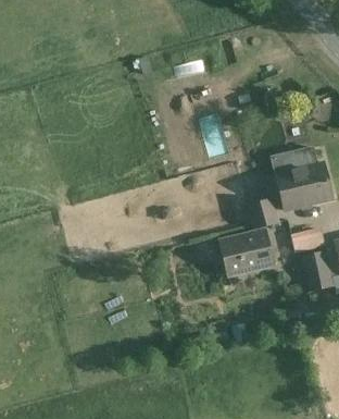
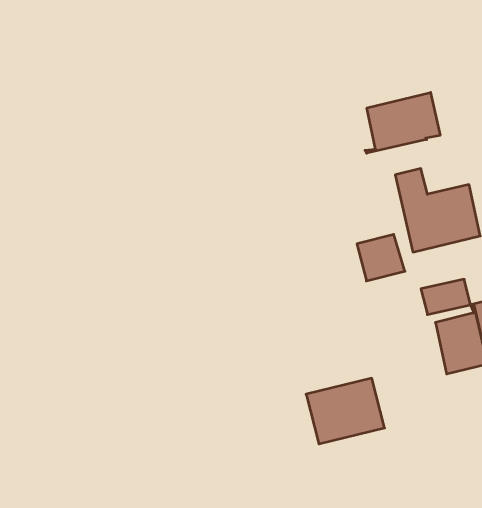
building: none -> [365,92,440,153]
building: [219,231,273,275] -> [306,378,385,444]

